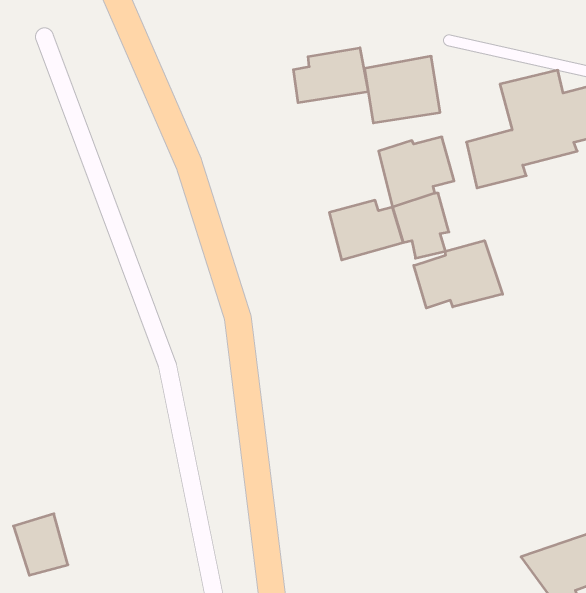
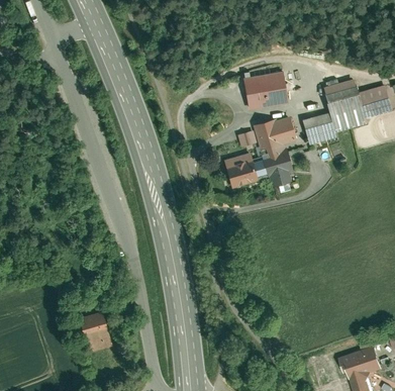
building: [293,48,368,103] -> none
building: [414,241,503,308] -> none
building: [13,514,68,575] -> [80,311,111,347]

